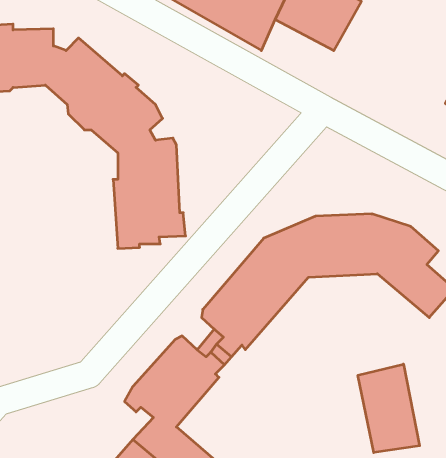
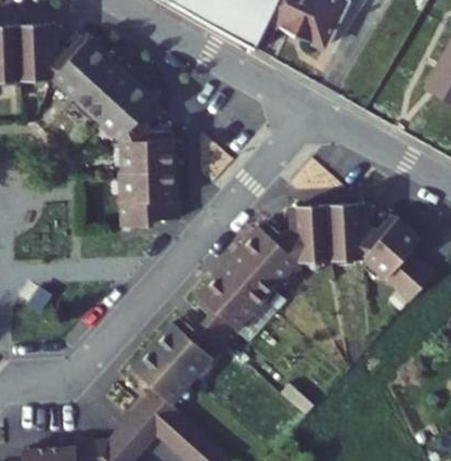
building: [358,364,420,453] -> none

